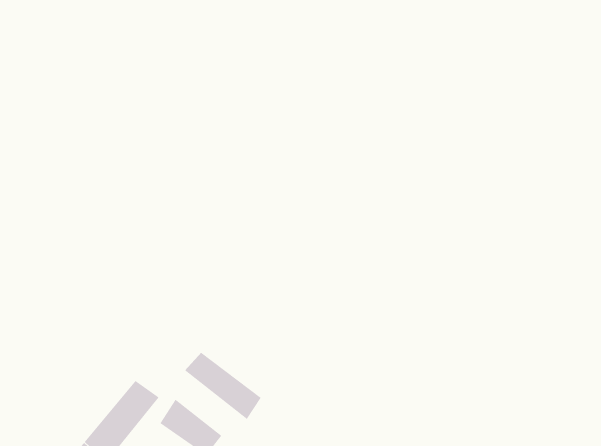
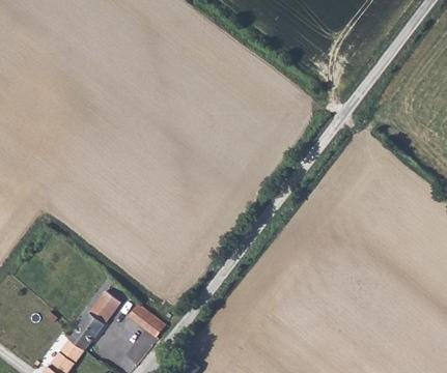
building: [184,352,261,420] -> none

